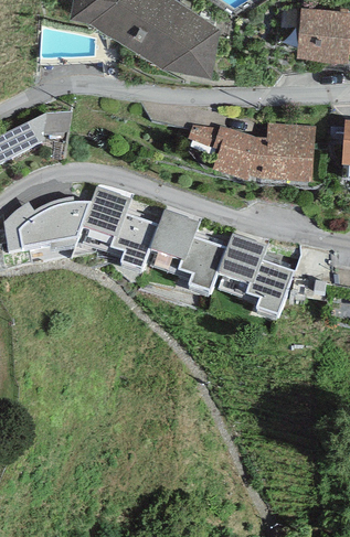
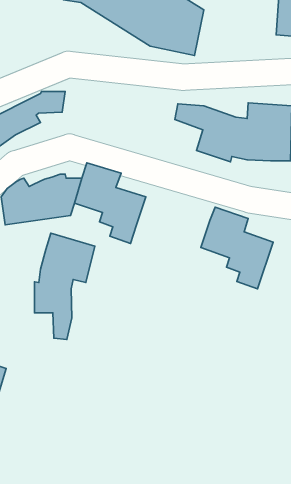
building: [148,210,226,297] -> none
building: none -> [34,233,95,340]

